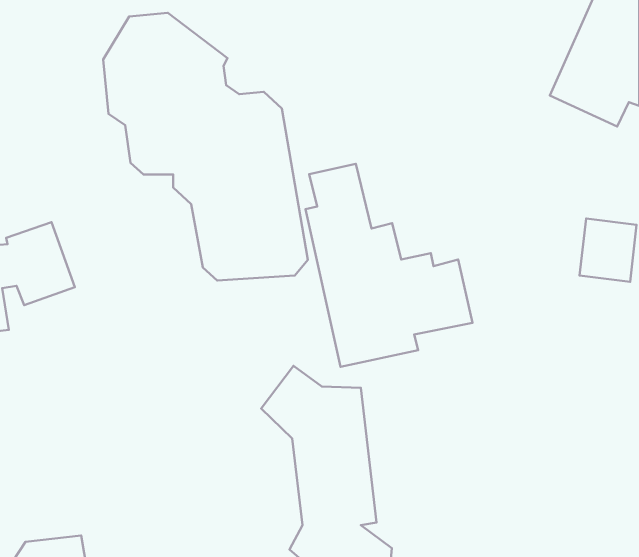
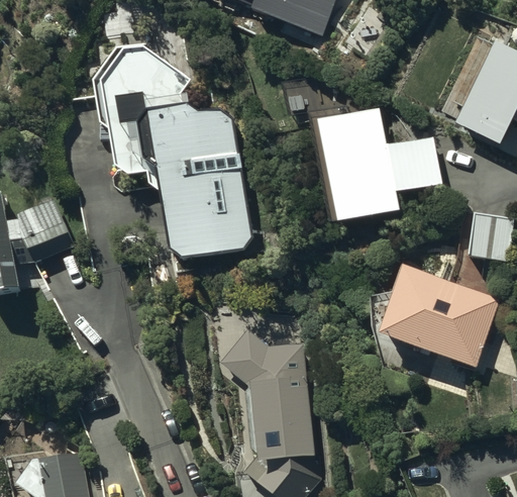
building: [305,164,472,367] -> [311,75,441,233]
building: none -> [379,261,502,365]

